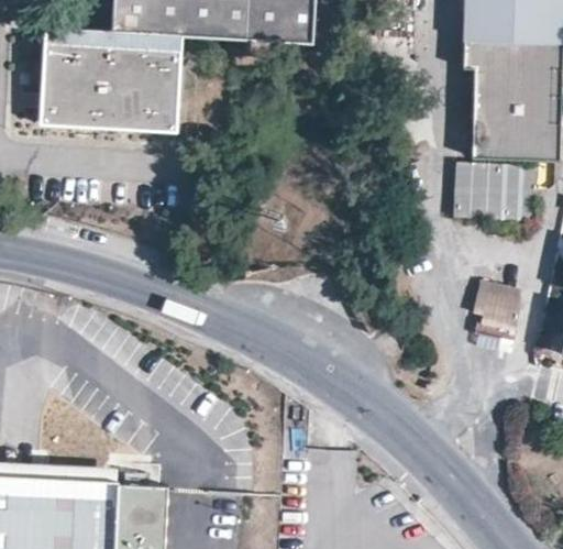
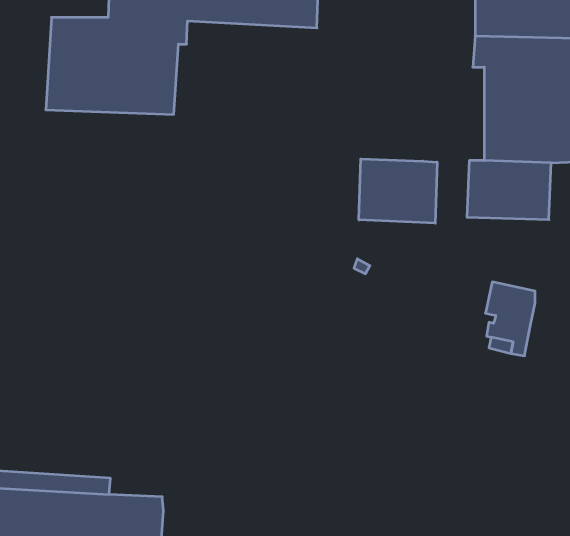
building: none -> [359,159,437,223]

